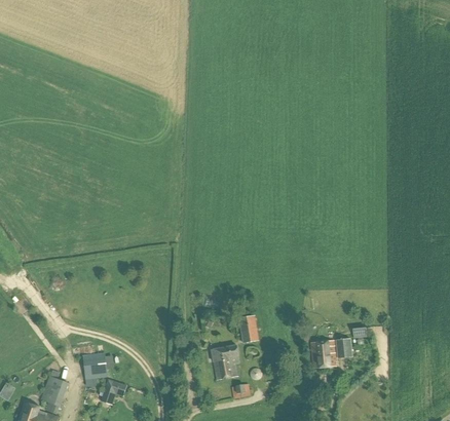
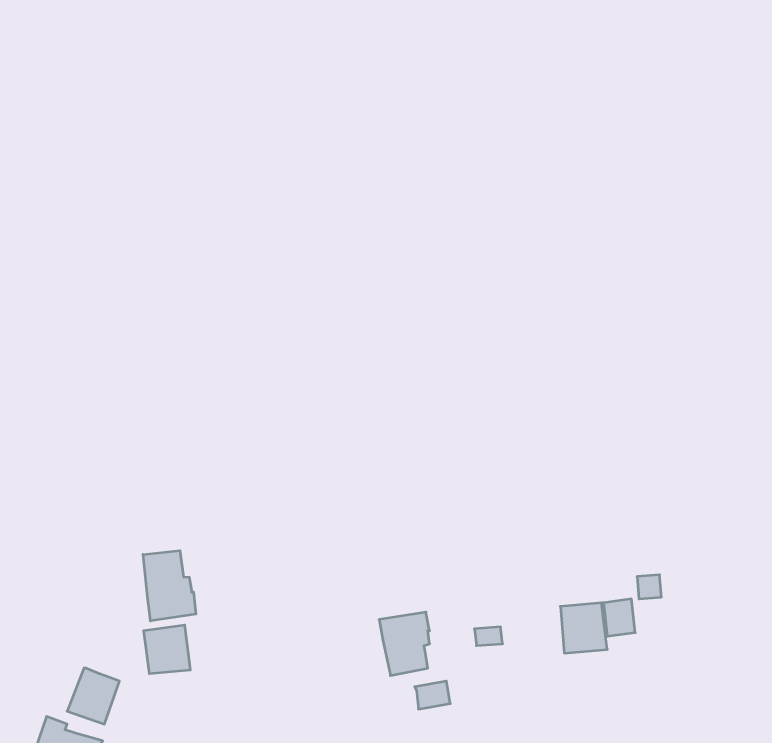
building: none -> [143,551,196,621]
building: [238,315,259,343] -> none
building: [101,379,127,405] -> none

